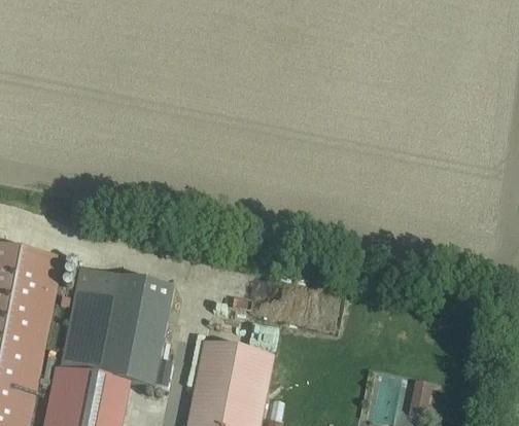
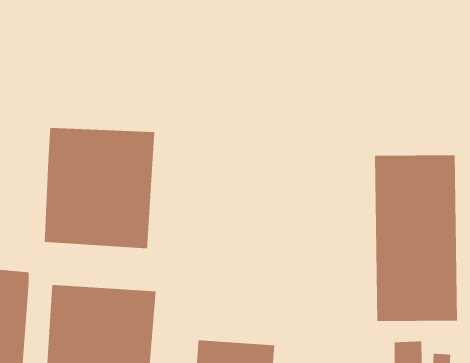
building: none -> [44,127,155,249]
building: none -> [374,154,458,322]

